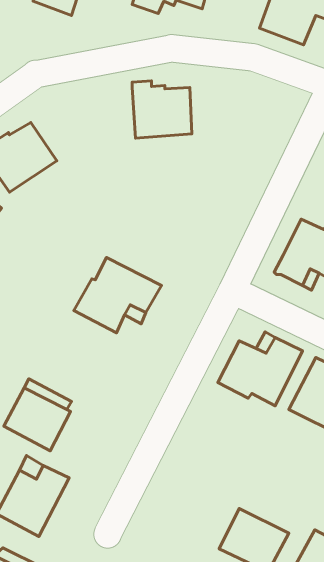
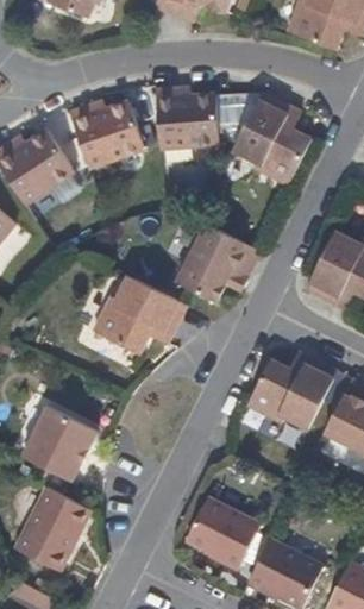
building: none -> [233,92,312,186]
building: none -> [69,101,145,169]
building: none -> [174,222,258,302]
building: none -> [184,497,259,566]

